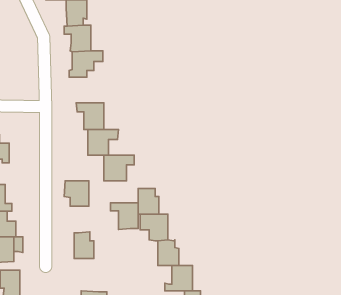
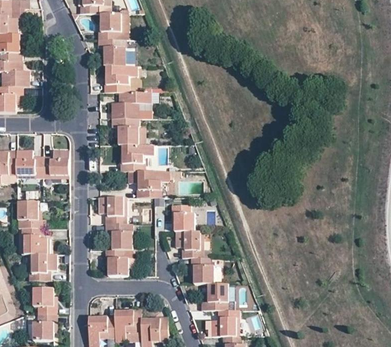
building: none -> [110,91,150,118]
building: none -> [42,150,68,179]
building: [111,203,138,230] -> [104,223,132,250]

